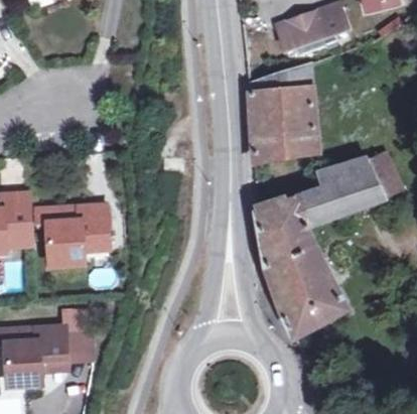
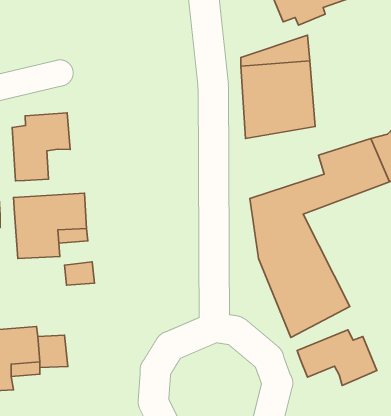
building: none -> [12,113,70,181]
building: none -> [297,330,377,385]

